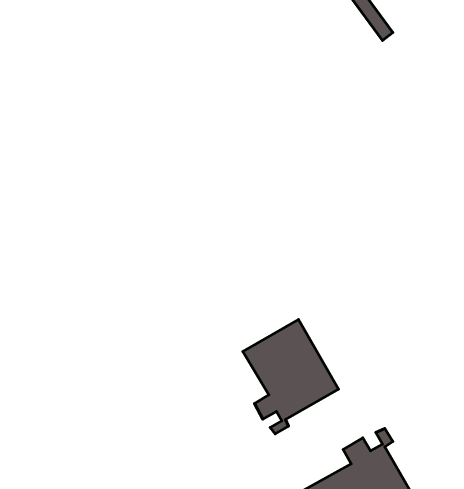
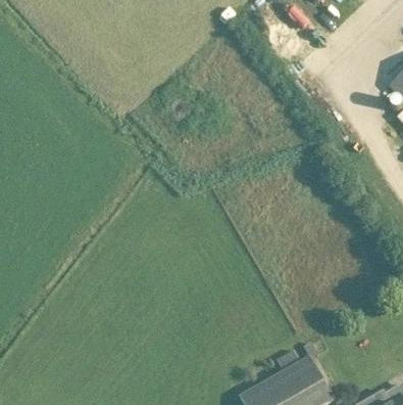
building: [243,319,339,434] -> none

